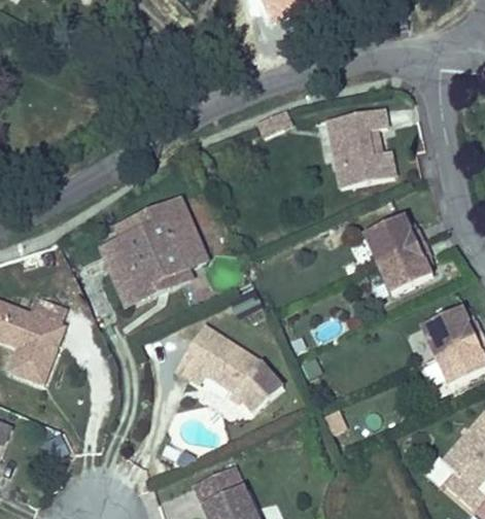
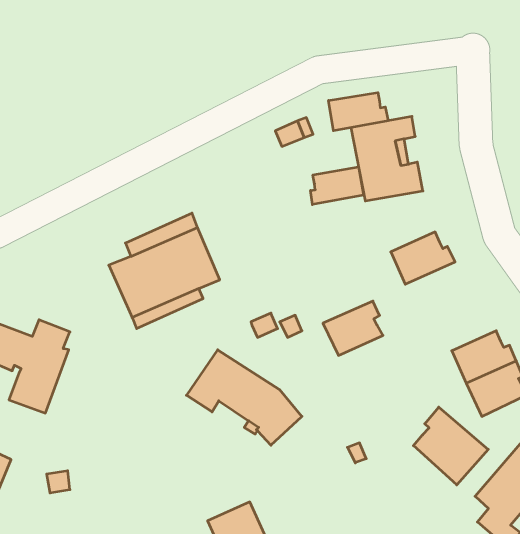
building: none -> [329,93,388,131]
building: none -> [311,167,364,205]
building: [378,243,434,293] -> [323,301,383,355]
building: none -> [413,407,488,485]

